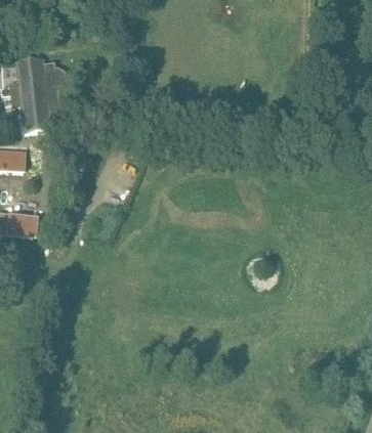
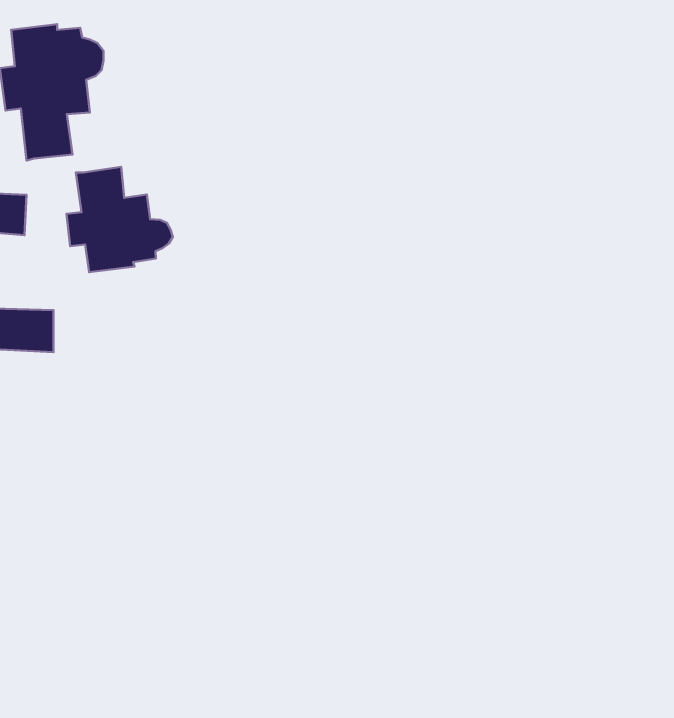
building: none -> [66,167,173,272]

